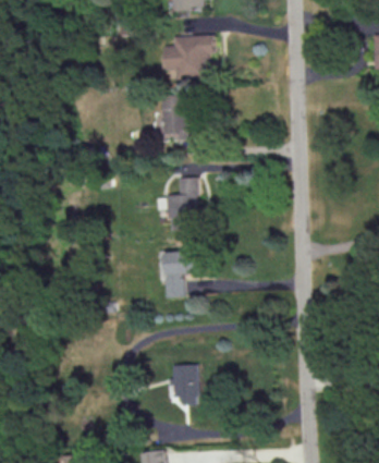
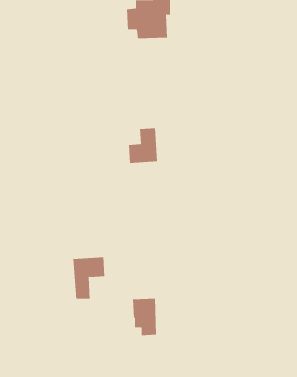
building: [161,96,186,133] -> none
building: [163,249,199,296] -> [73,257,105,299]

